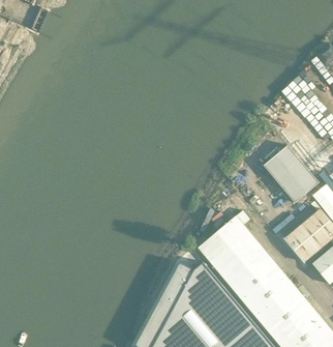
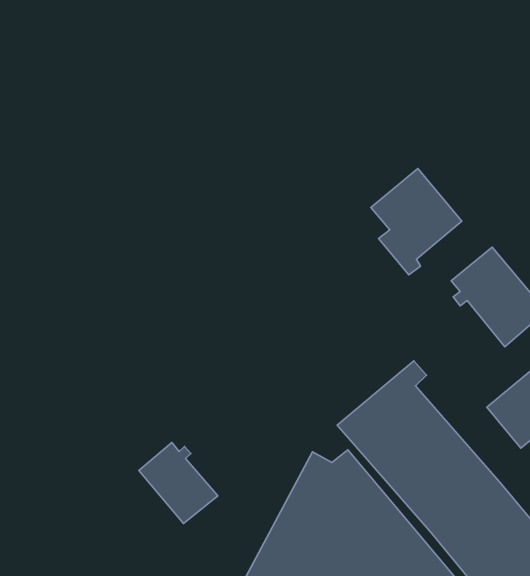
building: none -> [371,168,462,275]
building: none -> [139,443,218,524]

